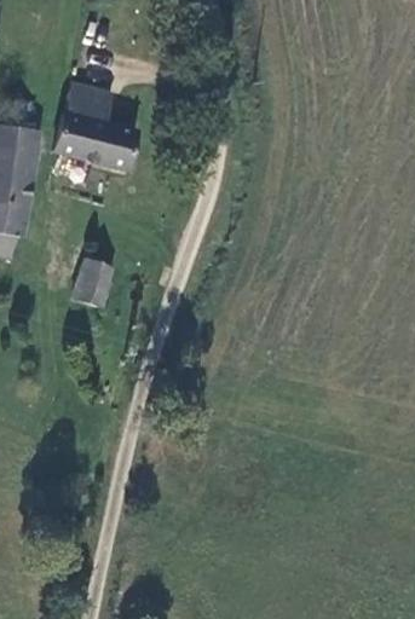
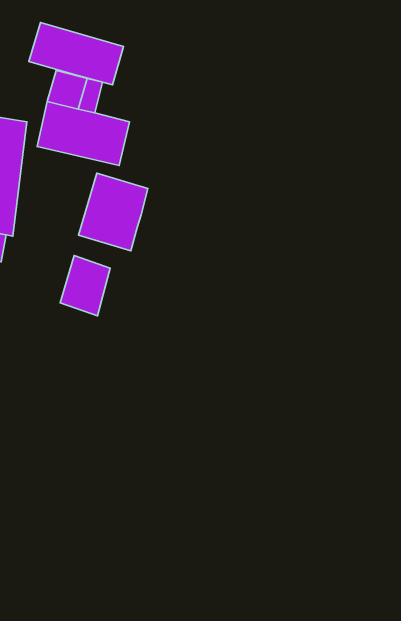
building: none -> [29,22,123,85]
building: none -> [79,173,148,251]

